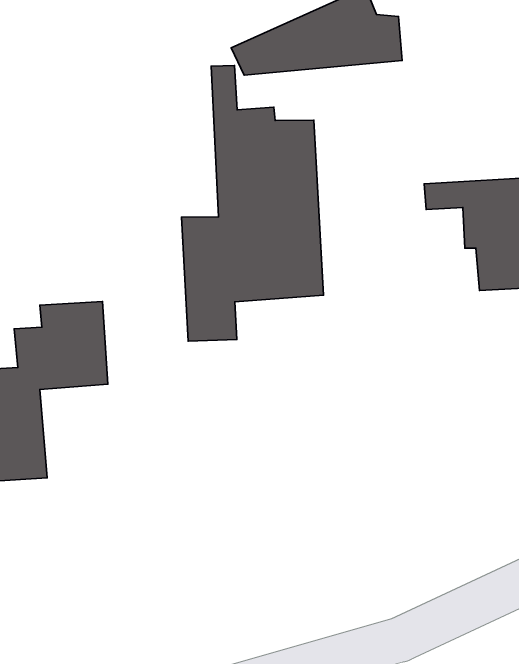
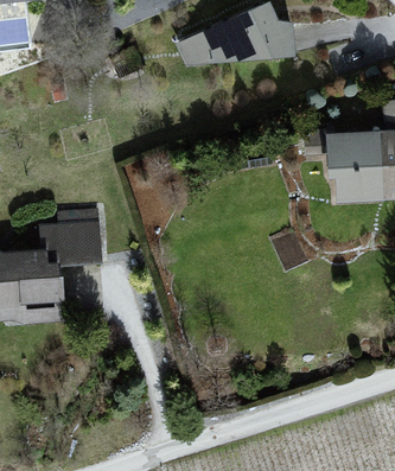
building: [181,65,324,341] -> none

